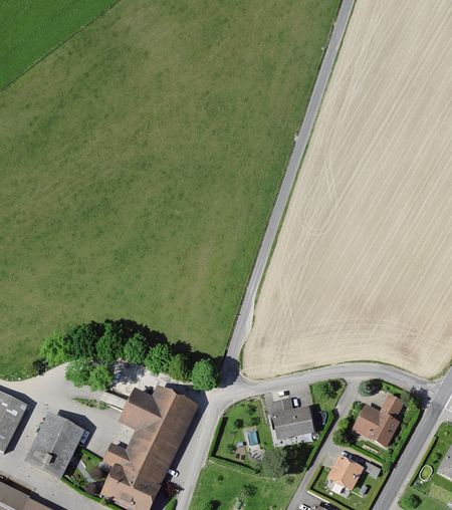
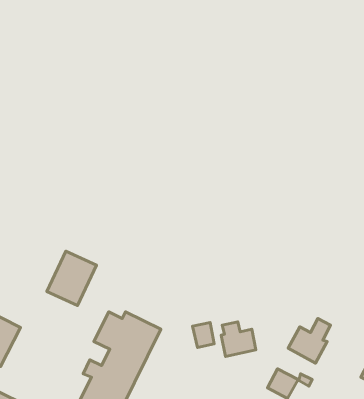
building: none -> [193,323,214,347]
building: [24,414,84,480] -> [47,251,97,306]

